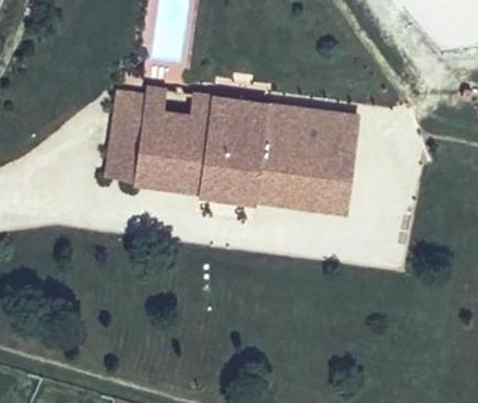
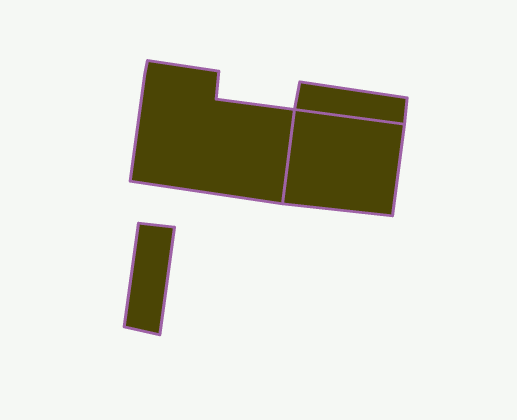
building: [104,94,145,186] -> [124,223,174,335]
building: [204,95,273,127] -> none

